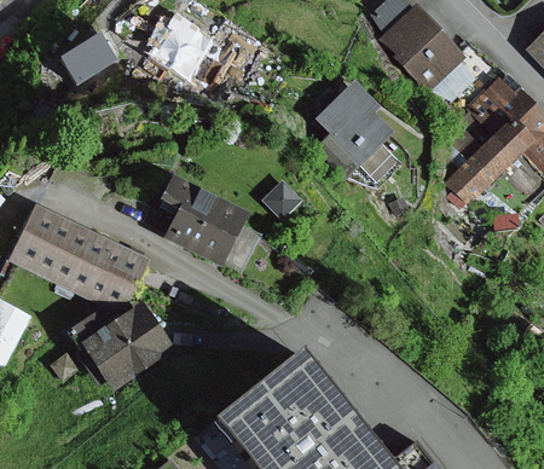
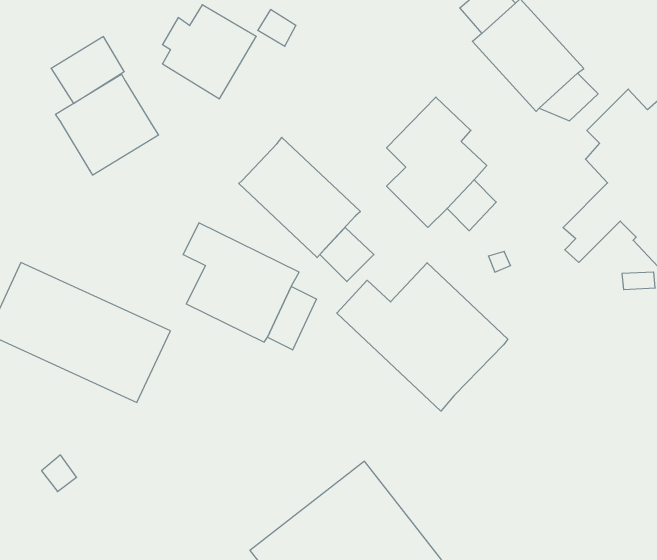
building: none -> [56,74,159,175]
building: none -> [239,137,360,258]
building: none -> [337,263,508,411]
building: [69,300,174,389] -> none

